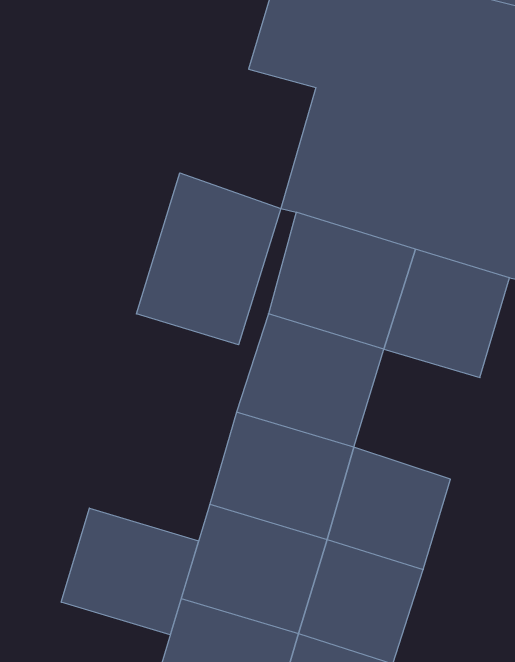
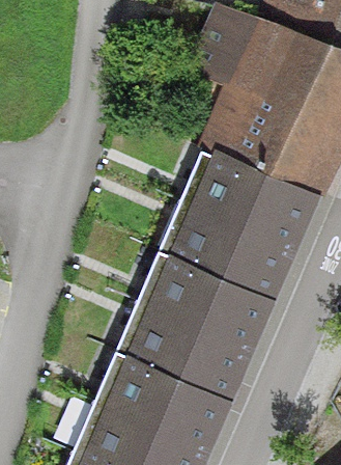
building: [136,173,281,345] -> none
building: none -> [219,239,293,316]
building: [61,508,198,635] -> none

